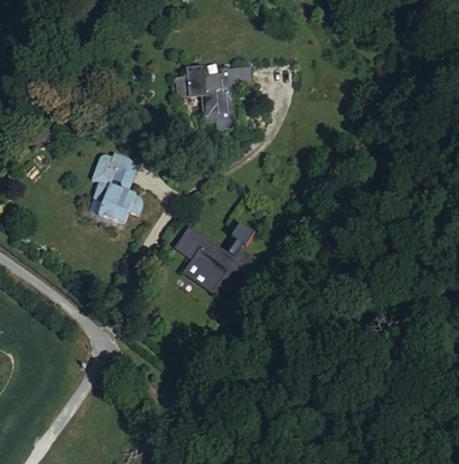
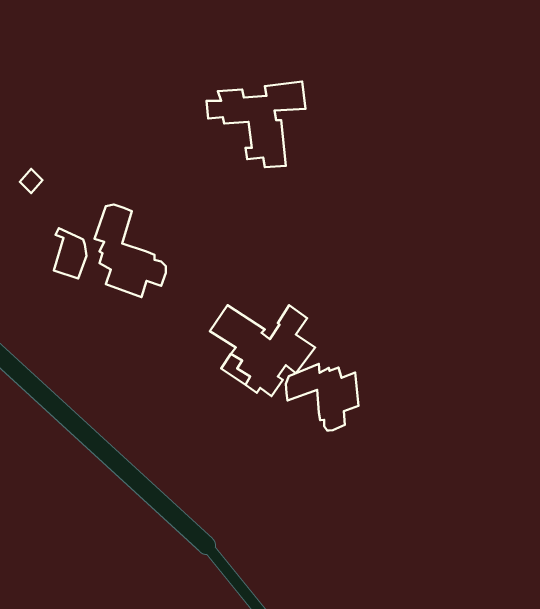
building: [112,152,136,189] -> [54,228,86,279]
building: none -> [286,364,359,430]

